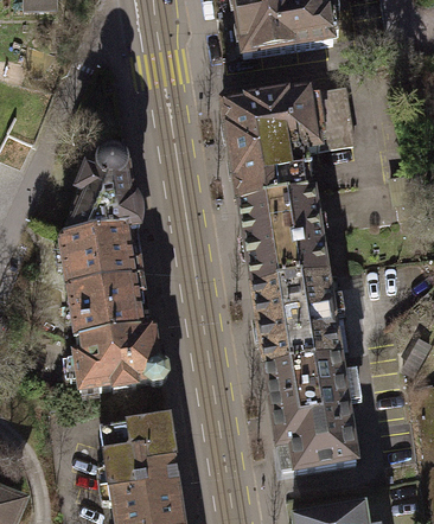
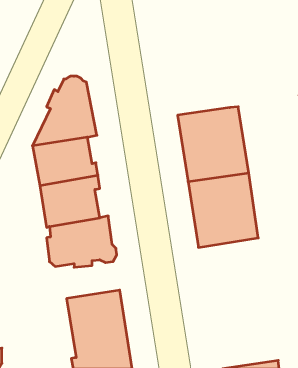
building: [225,85,353,199] -> none
building: [266,352,357,469] -> none

